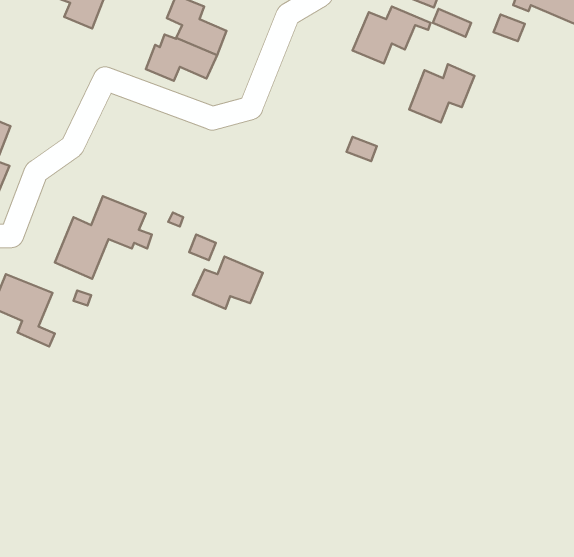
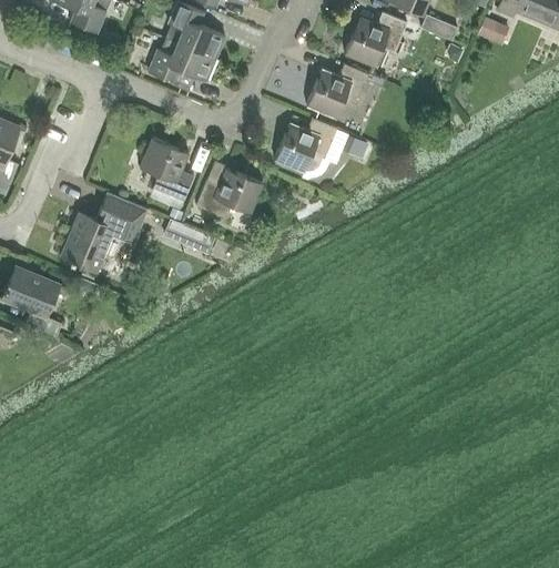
building: [409,64,475,122] -> [306,62,368,118]
building: none -> [274,116,336,178]
building: none -> [139,136,193,200]
building: [193,257,263,309] -> [195,168,262,217]

